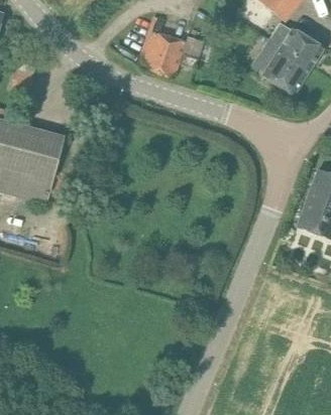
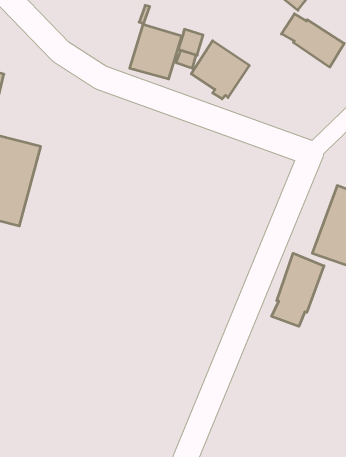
building: [262,46,312,96] -> [191,41,249,99]
building: none -> [272,253,324,326]

